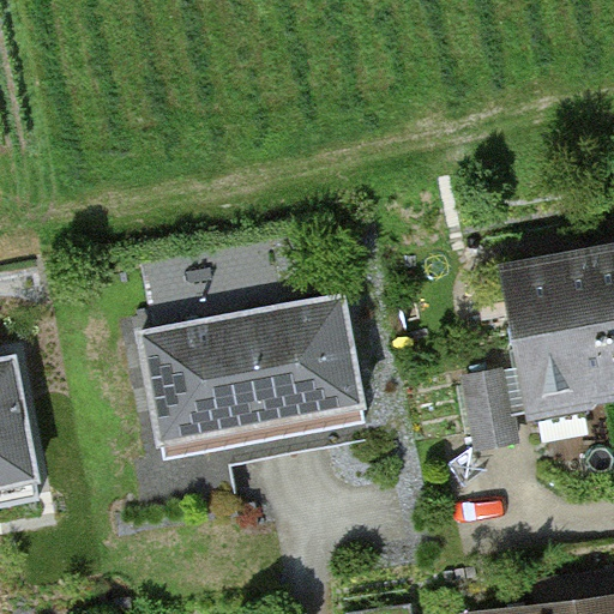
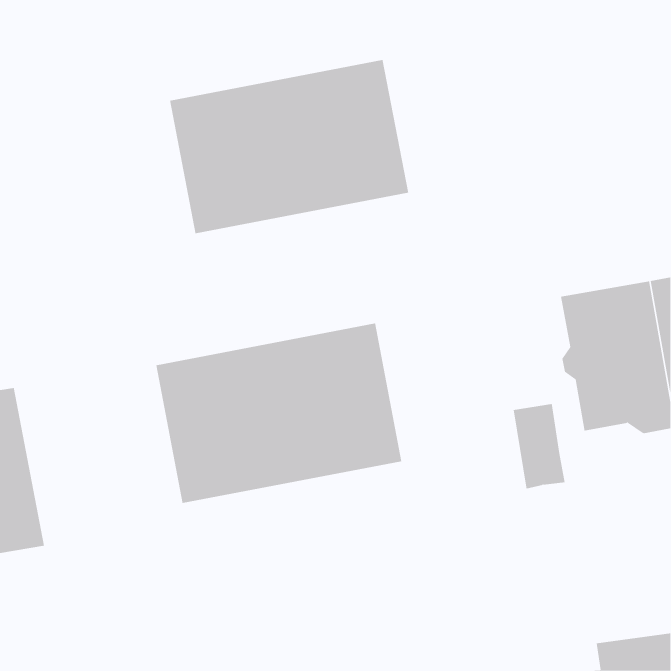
building: none -> [169,59,409,234]

